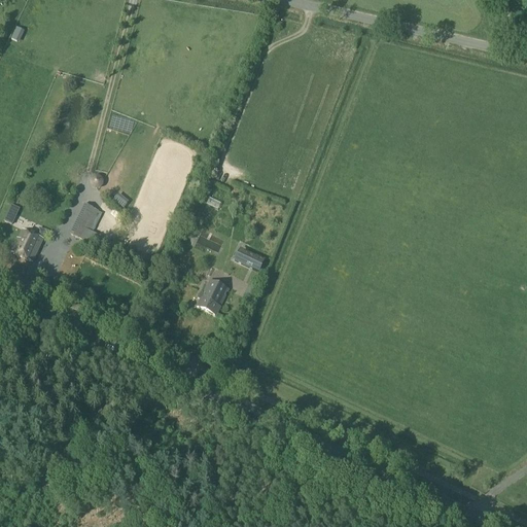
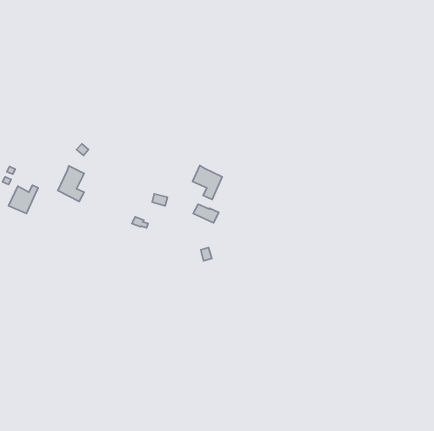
building: none -> [193,165,222,199]
building: [198,278,229,312] -> none

